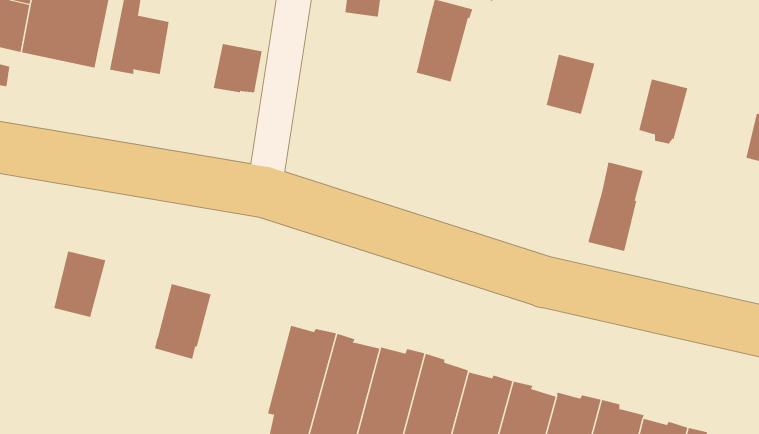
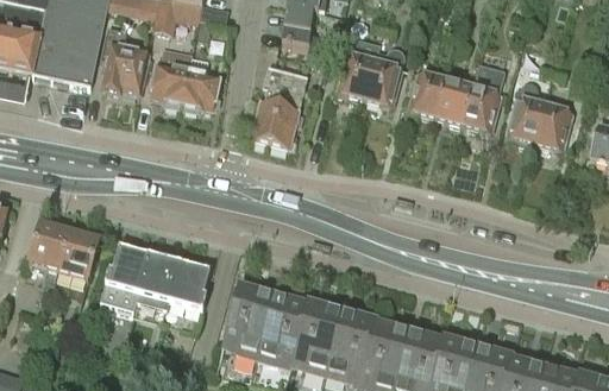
building: none -> [364,43,404,103]
building: none -> [151,45,192,101]
building: none -> [251,65,306,146]
building: none -> [408,68,446,114]
building: none -> [535,101,573,147]
building: [588,162,643,252] -> [464,59,507,128]
building: none -> [27,217,69,270]
building: none -> [99,242,149,310]
building: none -> [169,256,209,309]

